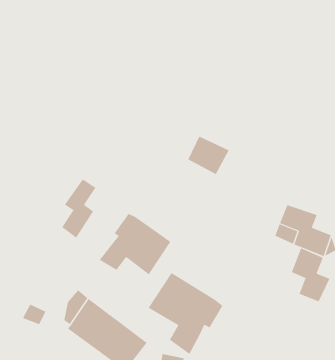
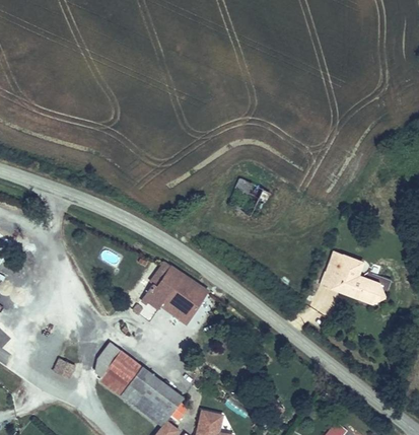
building: [61,179,96,238] -> none
building: [291,248,330,302] -> none
building: [148,272,223,355] -> none

